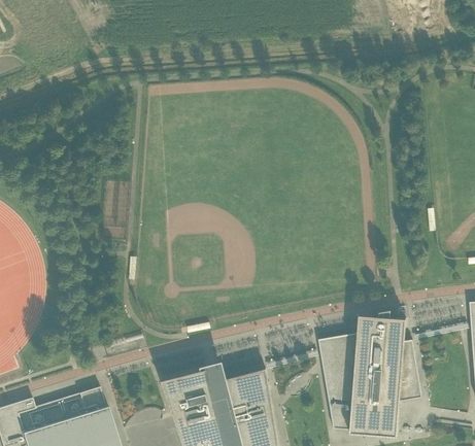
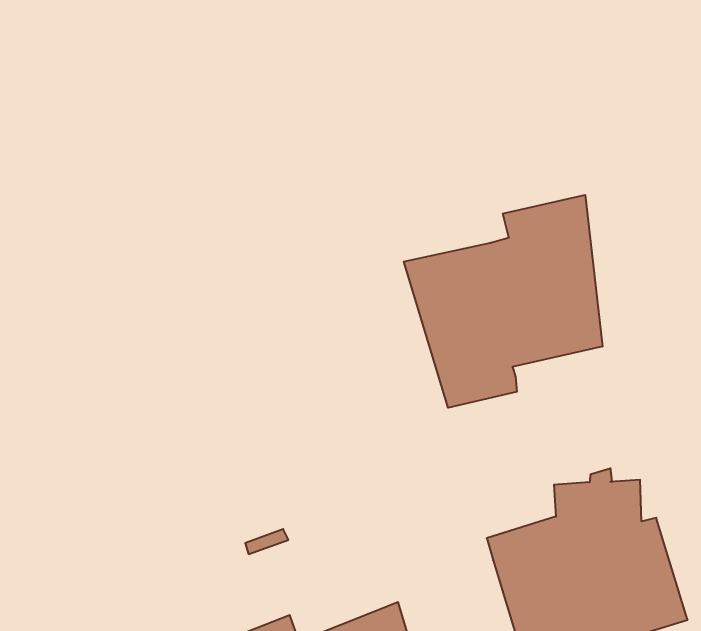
building: none -> [404,195,602,408]

